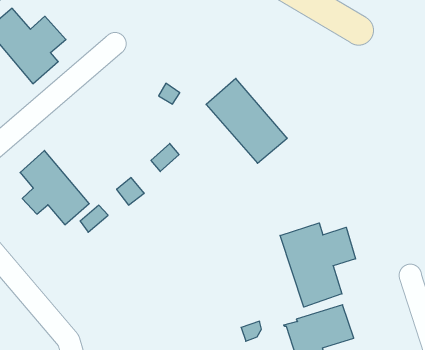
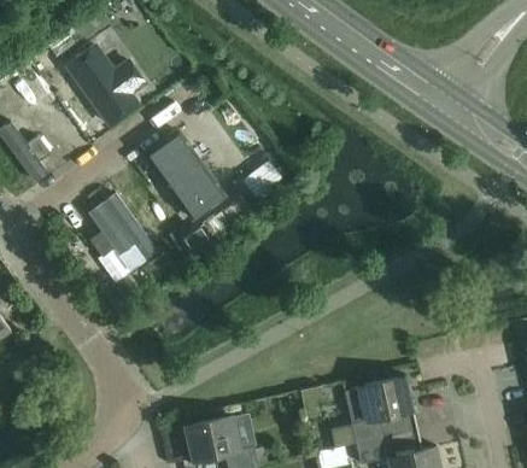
building: [206,78,287,163] -> [146,131,226,220]
building: [280,223,356,307] -> none

